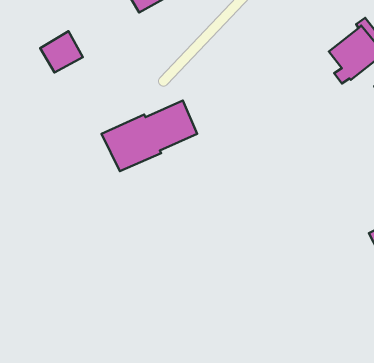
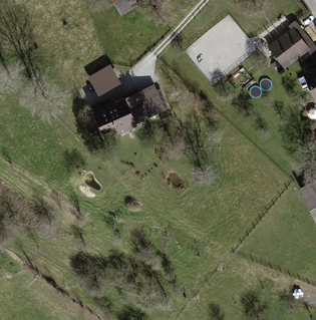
building: [40,31,83,73] -> [87,65,120,97]

